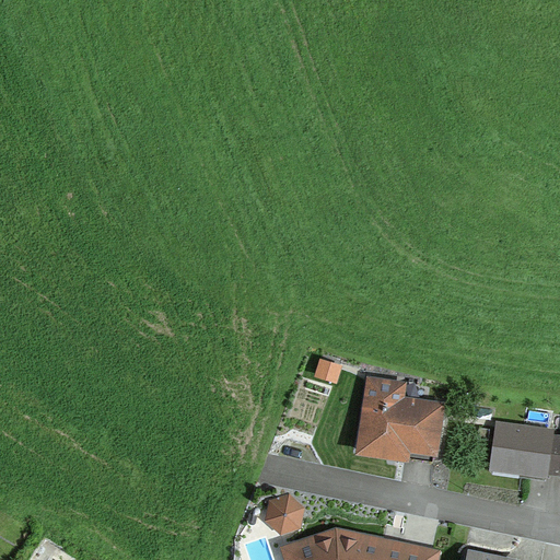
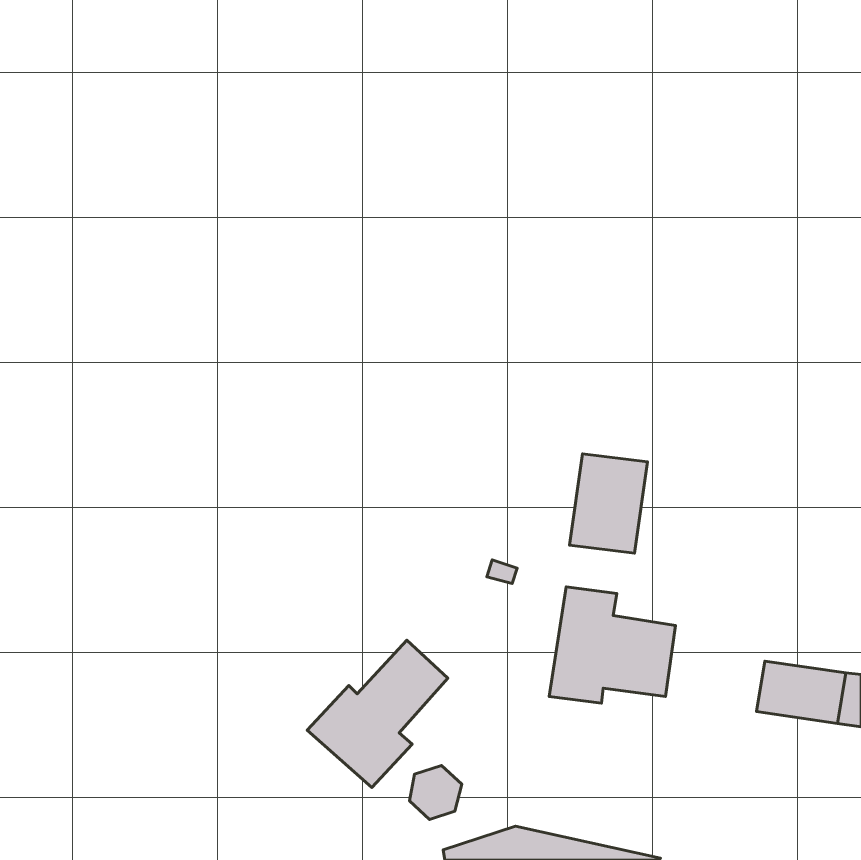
building: none -> [570,454,647,553]
building: none -> [307,640,448,788]

